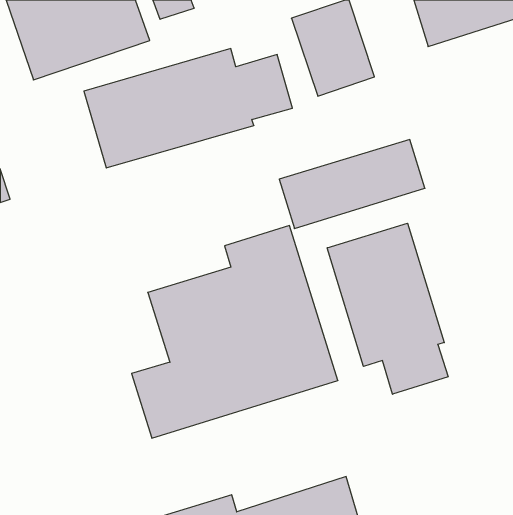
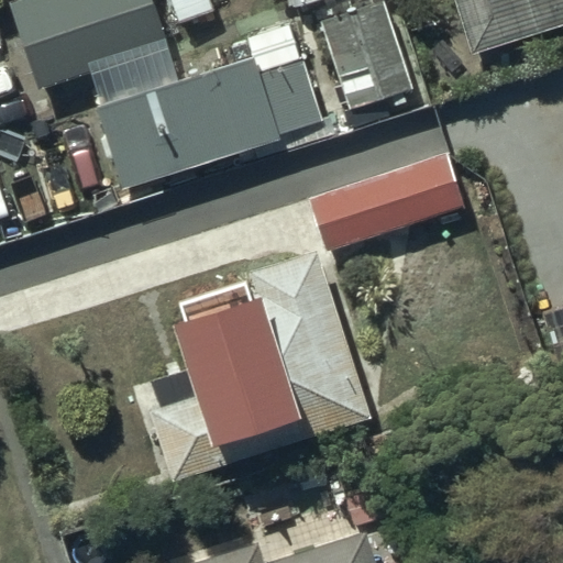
building: [327,223,448,394] -> none

